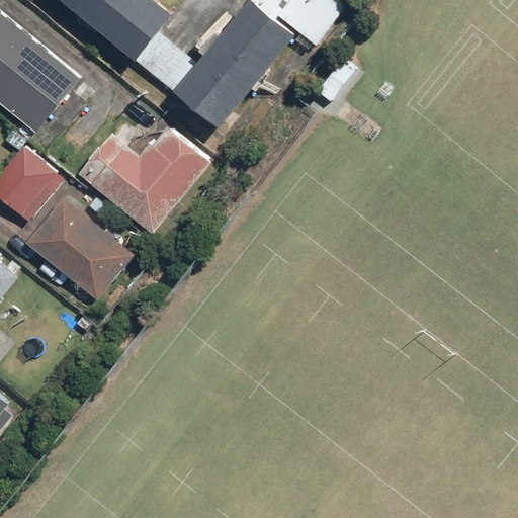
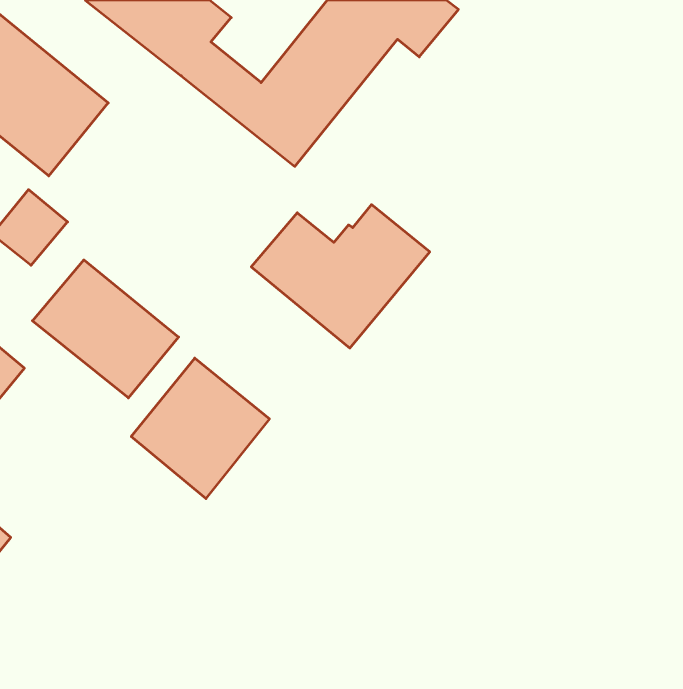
building: [77,126,210,234] -> [251,205,430,348]
building: none -> [131,358,269,499]

